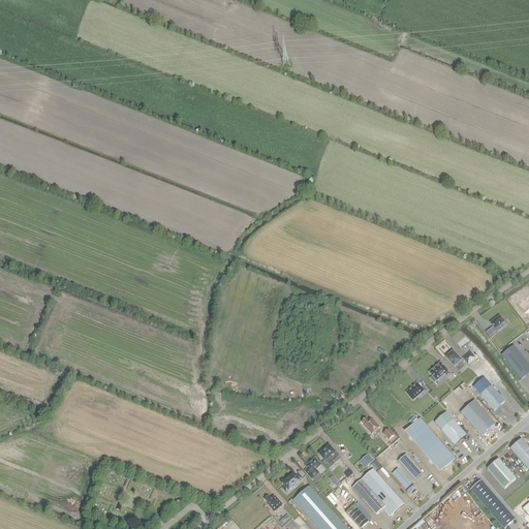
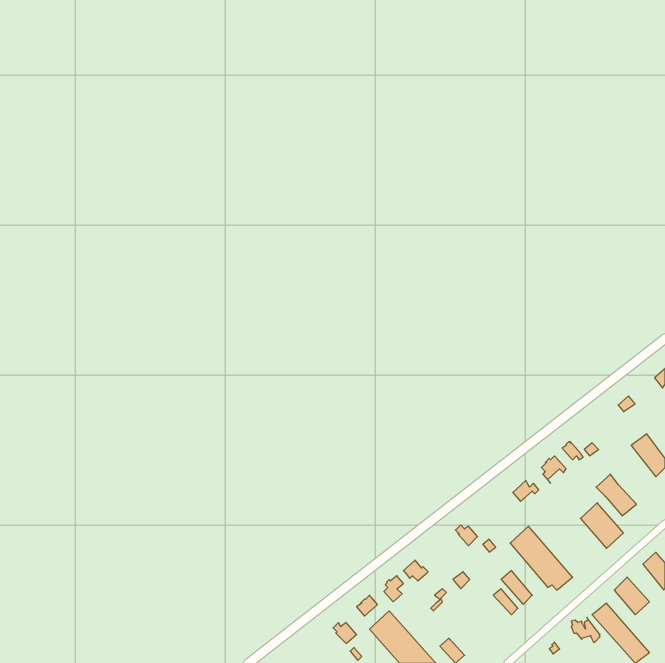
building: [434,410,467,444] -> none
building: [352,468,404,515] -> none

